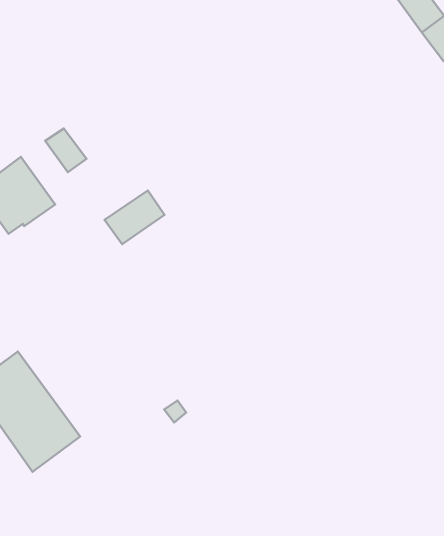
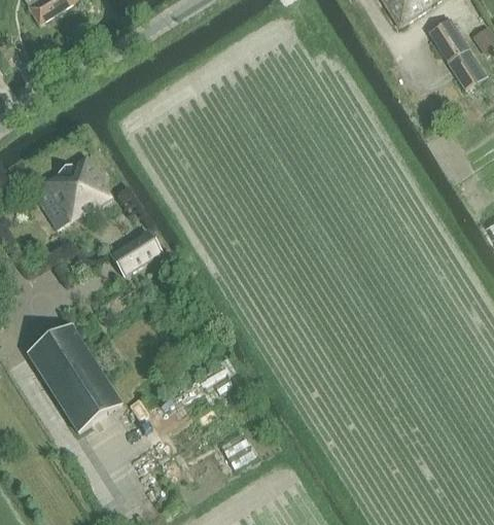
building: [45,128,87,172] -> none
building: [105,190,164,244] -> [109,230,163,276]

